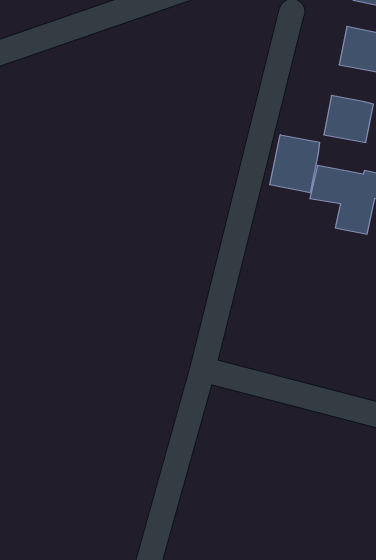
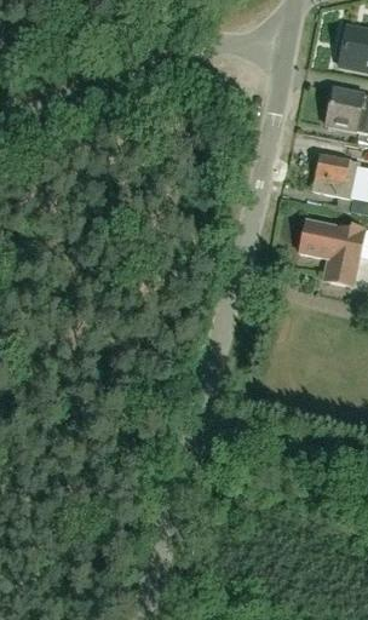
building: [270,135,319,193] -> none

